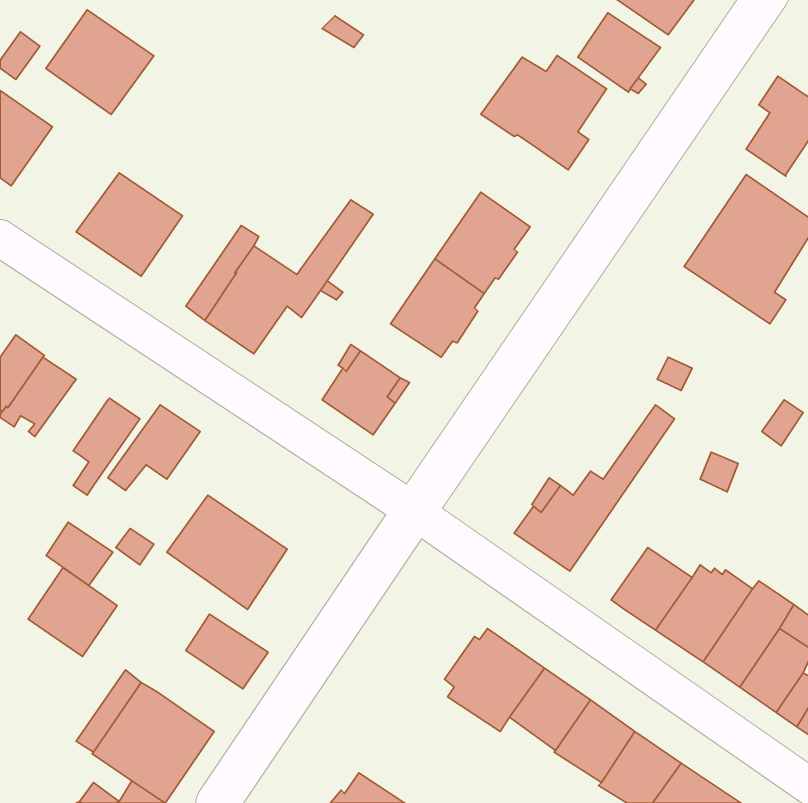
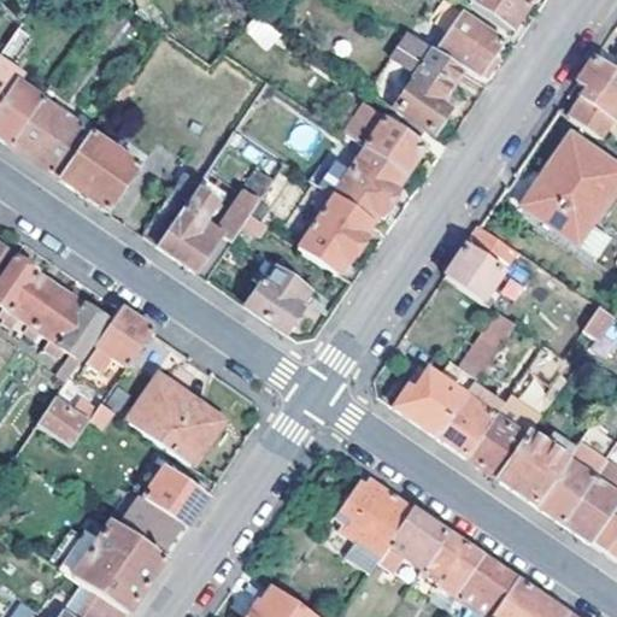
building: [46,10,154,114] -> [11,96,93,176]
building: none -> [346,104,434,172]
building: none -> [446,224,516,304]
building: none -> [29,288,84,349]
building: none -> [435,384,500,456]
building: [28,568,117,657] -> none
building: none -> [122,494,187,556]

